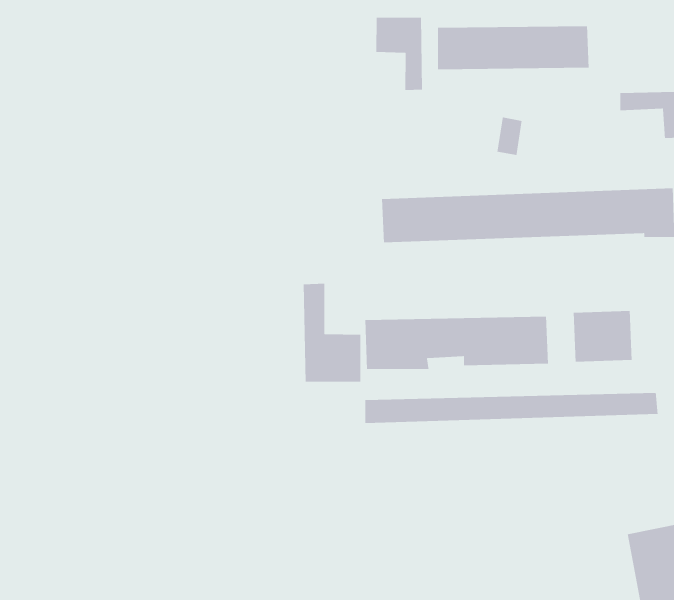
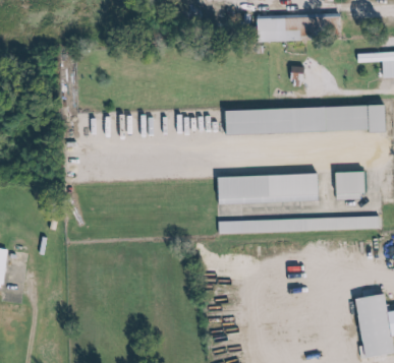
building: [375,17,423,91] -> none
building: [303,283,361,383] -> none

